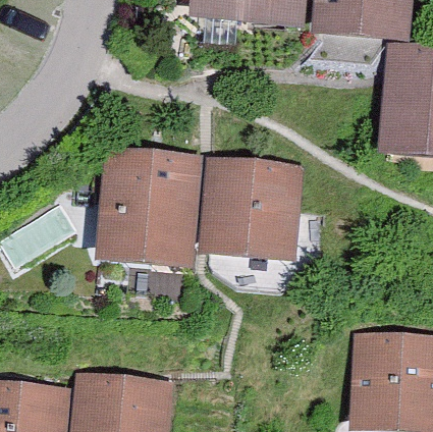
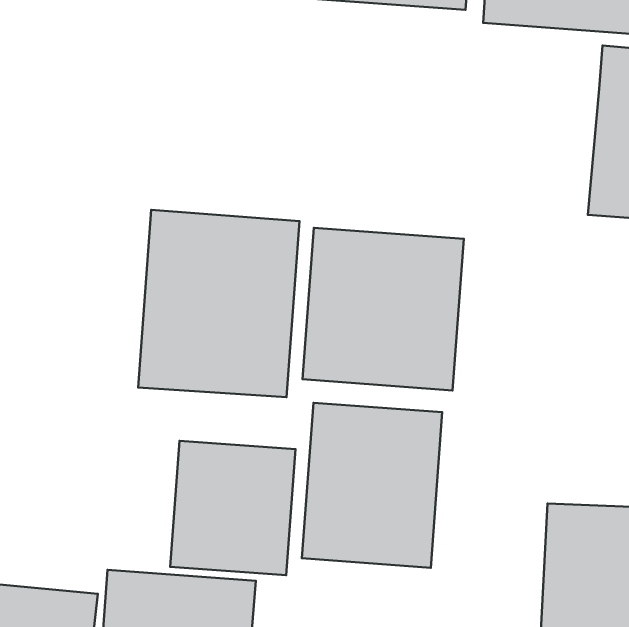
building: none -> [302,403,442,568]
building: none -> [170,441,295,575]

